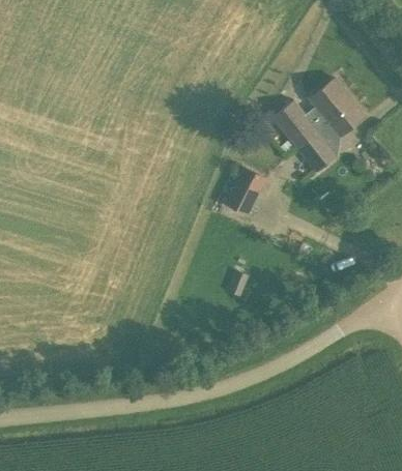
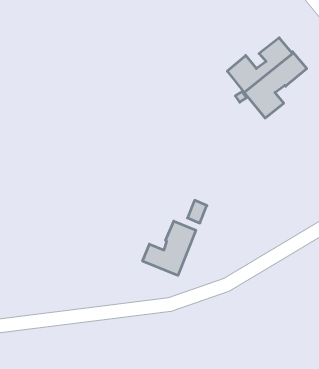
building: [226,167,266,213] -> none
building: none -> [143,221,196,275]

